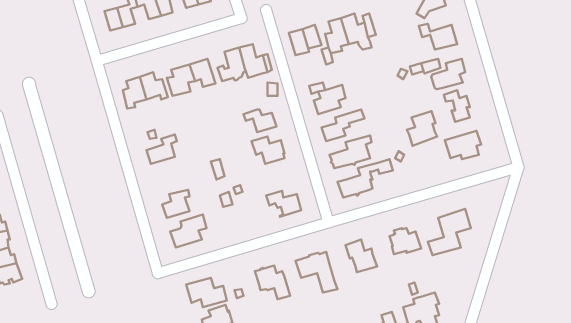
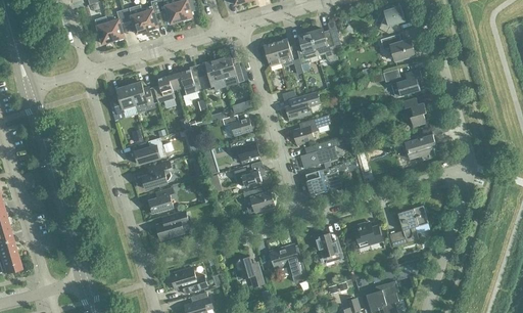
building: [407,111,437,146] -> none
building: none -> [233,161,264,187]
building: none -> [141,162,173,188]

